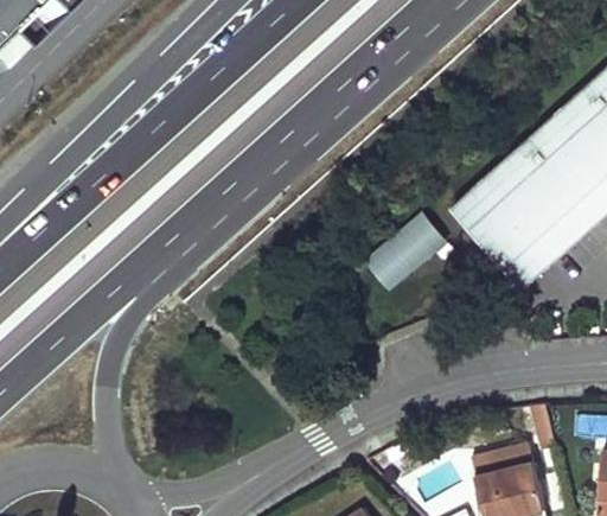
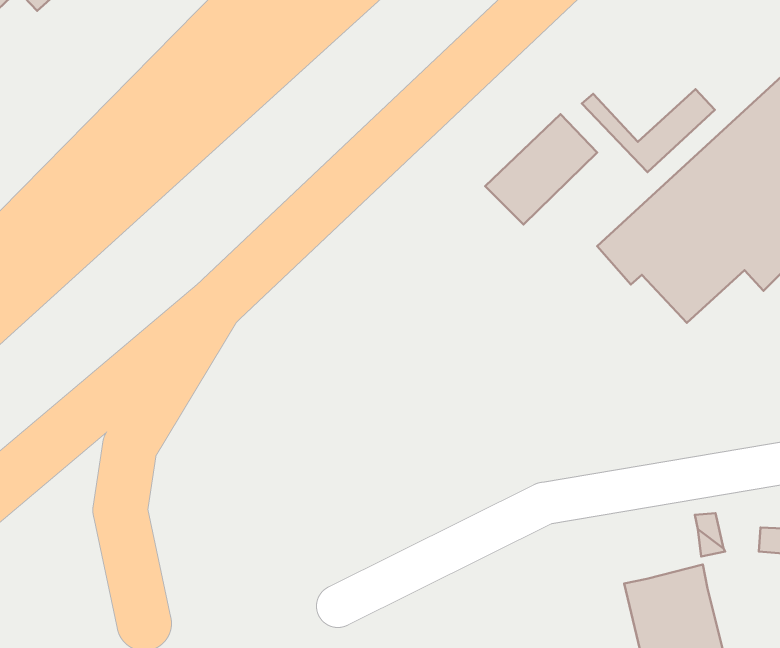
building: [362,210,445,292] -> [485,114,597,225]
building: [479,224,577,286] -> [582,89,715,172]

